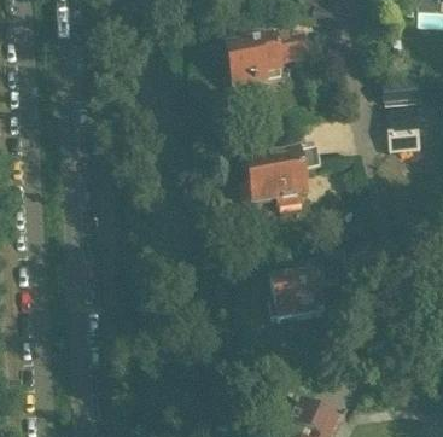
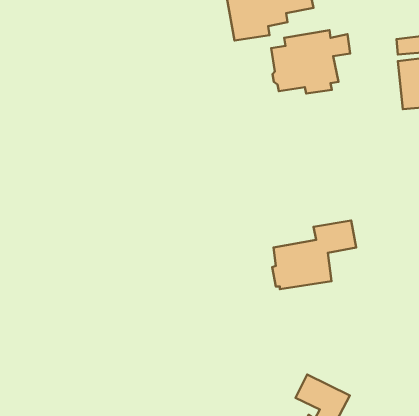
building: [245,144,319,203] -> [271,30,350,94]

